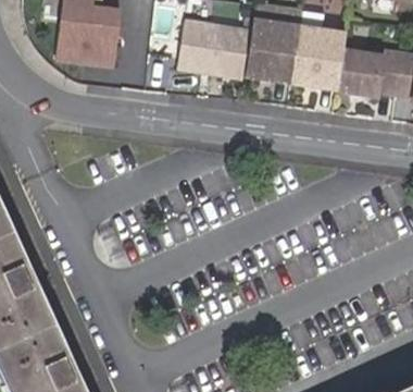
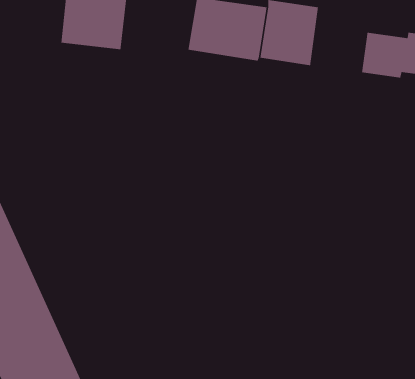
building: [301,27,356,90] -> none

